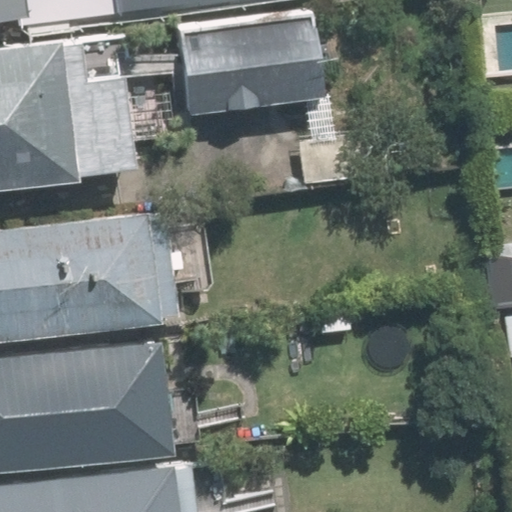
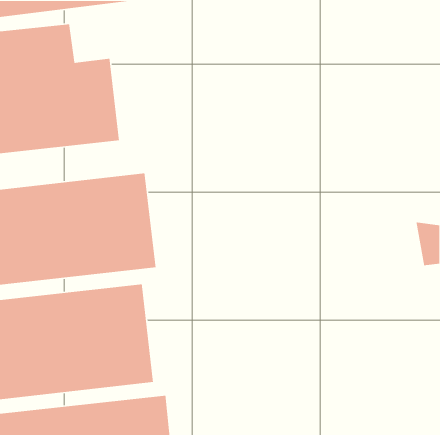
building: [172,18,327,119] -> none

